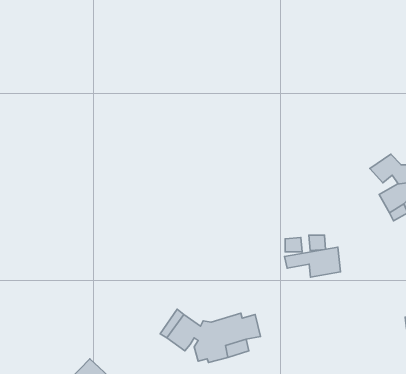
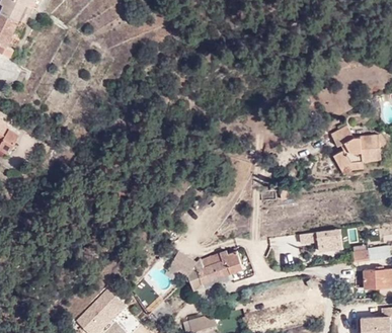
building: [285,247,341,277] -> [299,228,342,251]

